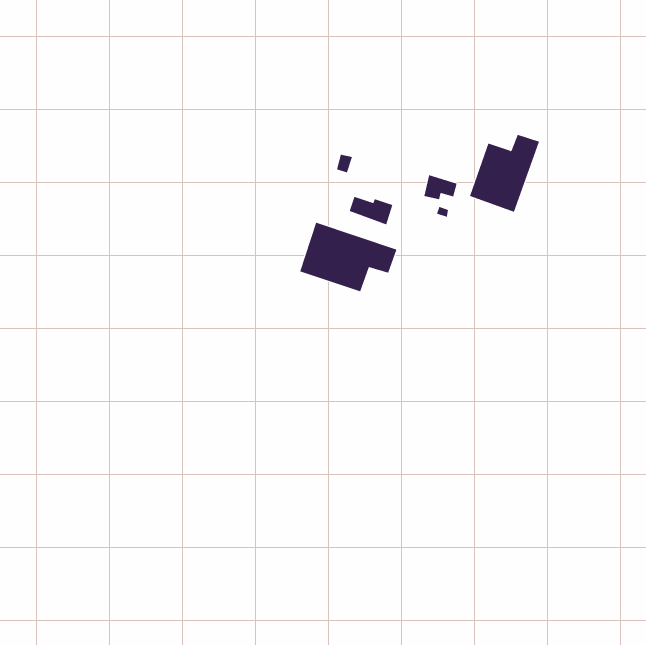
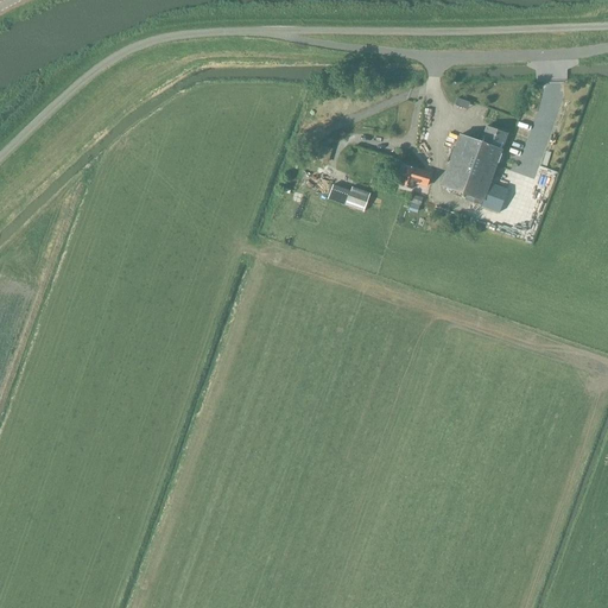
building: [299,222,397,292] -> none

